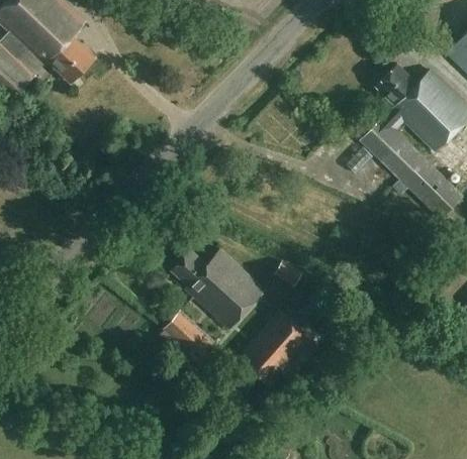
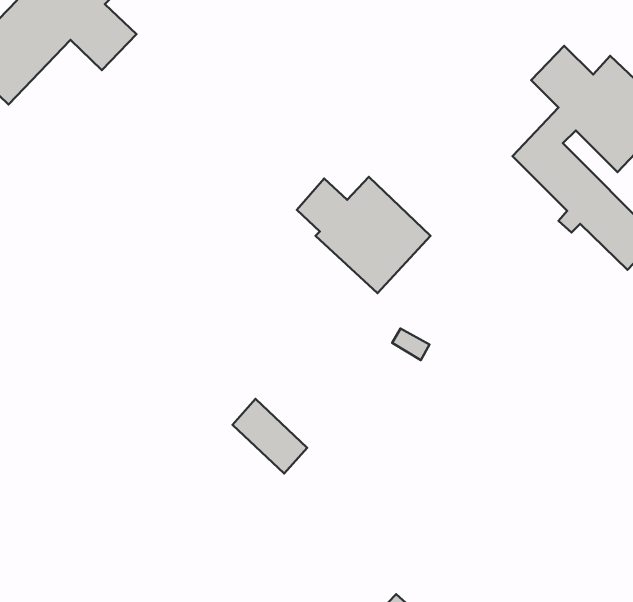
building: [171,250,265,332] -> [297,177,431,293]
building: [239,310,323,388] -> none

